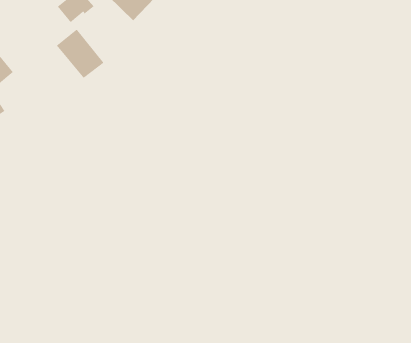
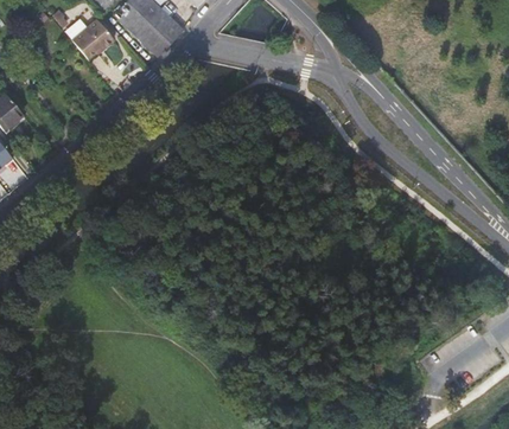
building: [56,29,104,79] -> none

